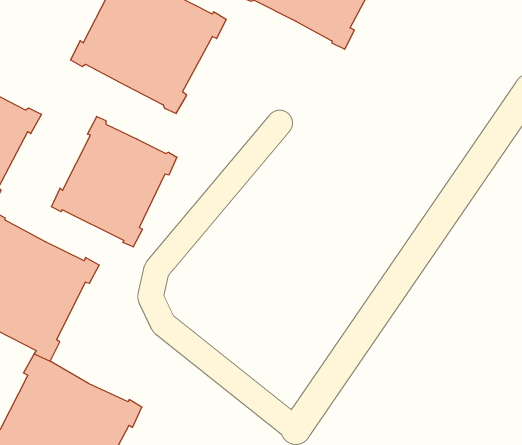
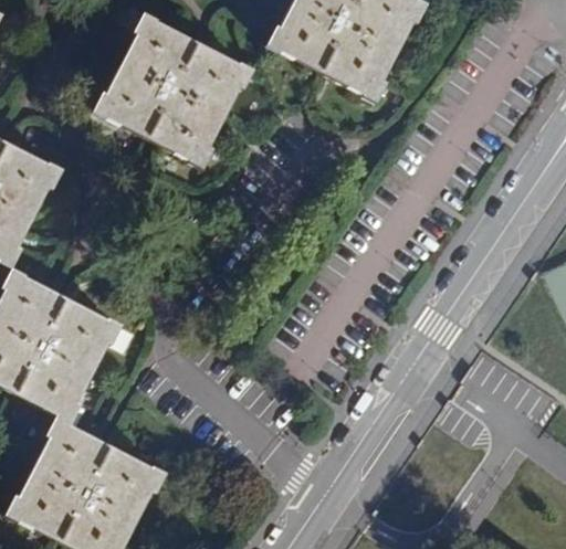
building: [51,116,177,247] -> none

